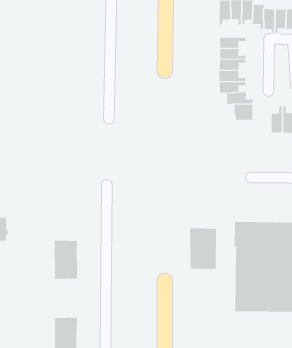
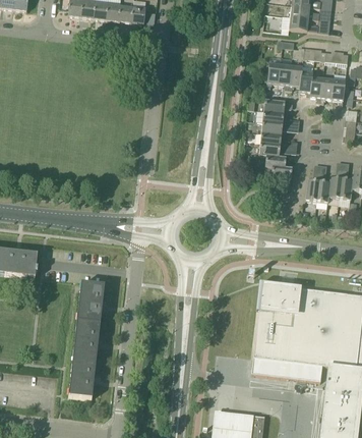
building: [190,227,217,270] -> none
building: none -> [73,320,101,360]

